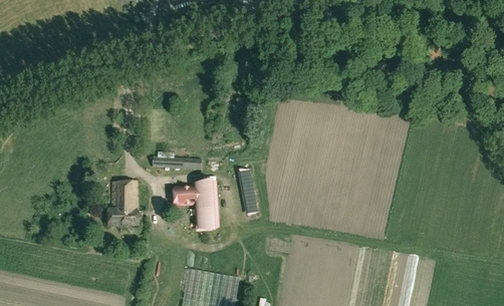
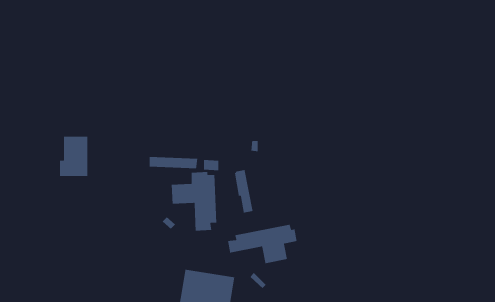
building: [108,183,138,224] -> [59,136,88,177]
building: none -> [227,224,297,264]

